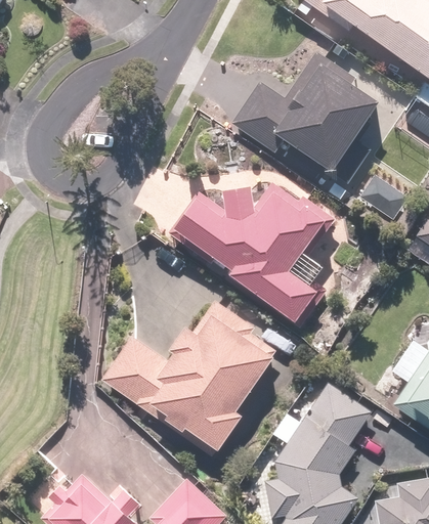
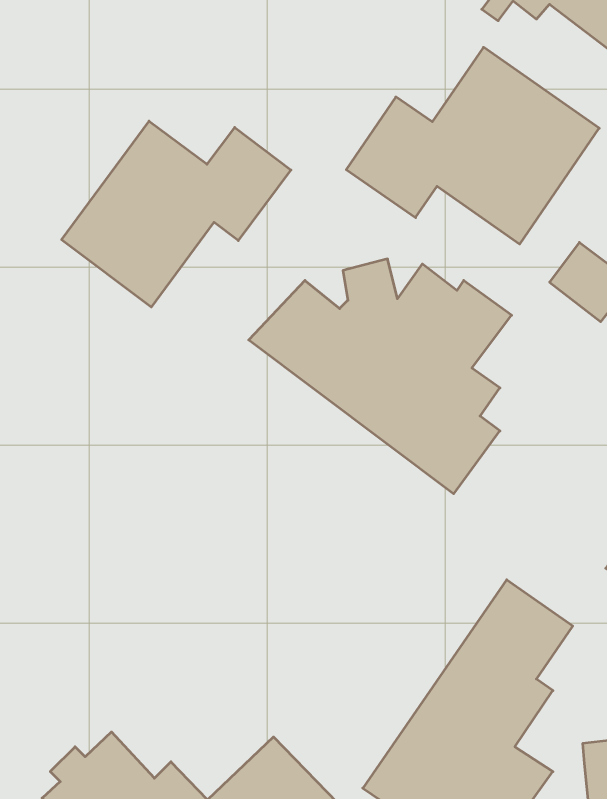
building: none -> [62,121,291,307]
building: [102,309,278,454] -> none

